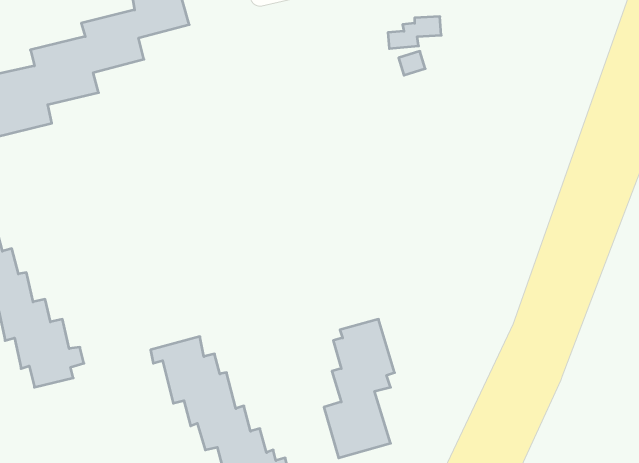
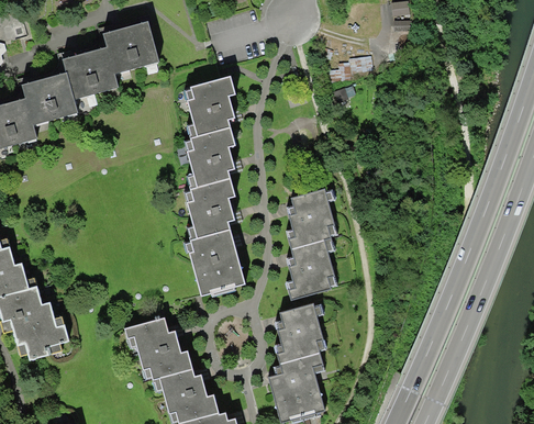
building: none -> [183,76,246,299]
building: none -> [281,188,338,301]

